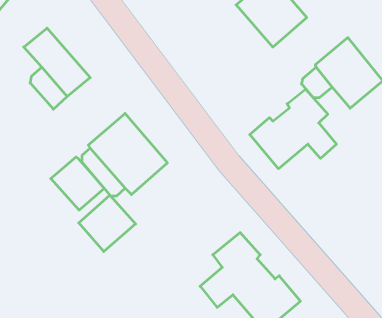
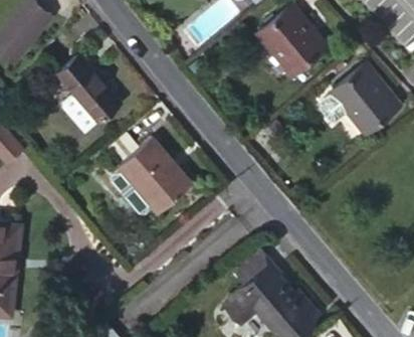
building: [250,89,336,169] -> none
building: [51,157,104,210] -> none
building: [79,195,136,252] -> none

